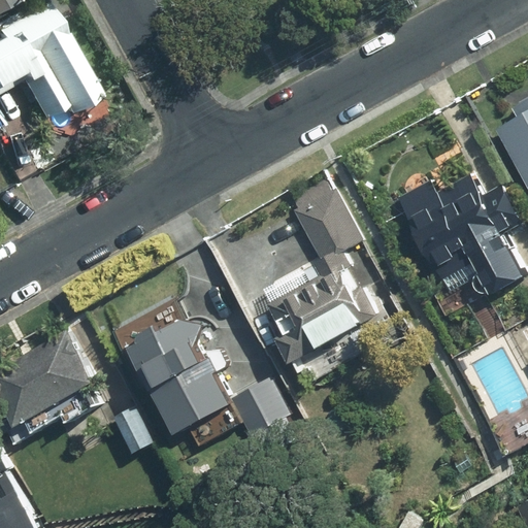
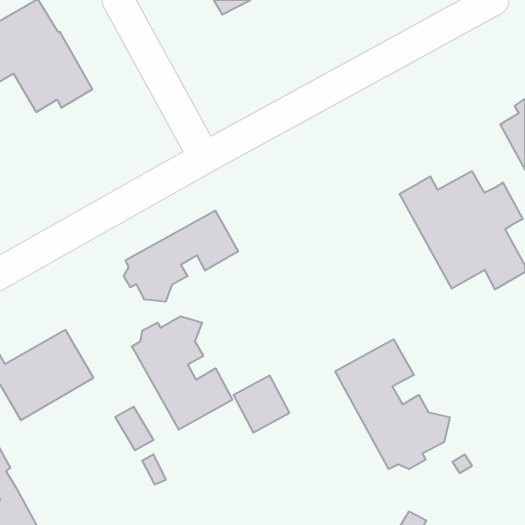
building: [269,180,378,363] -> none
building: none -> [124,211,238,302]
building: none -> [335,339,450,469]

